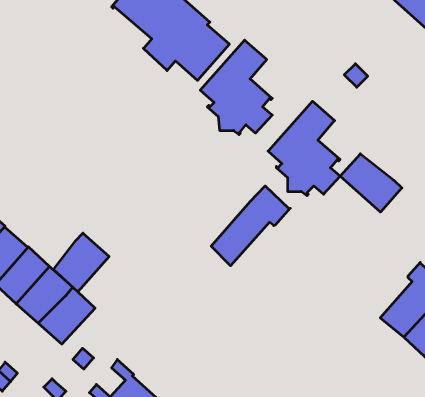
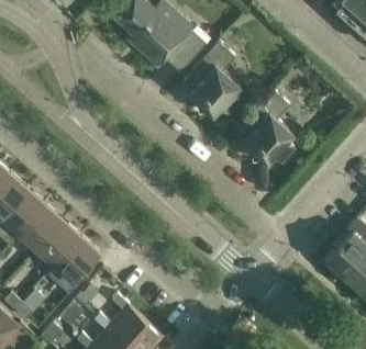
building: [340,154,402,212] -> none
building: [211,186,290,266] -> none
building: [53,233,109,292] -> none

